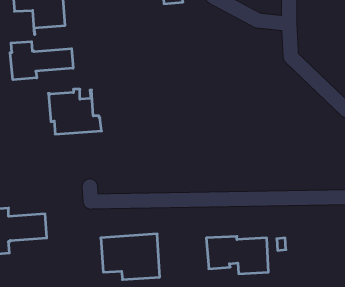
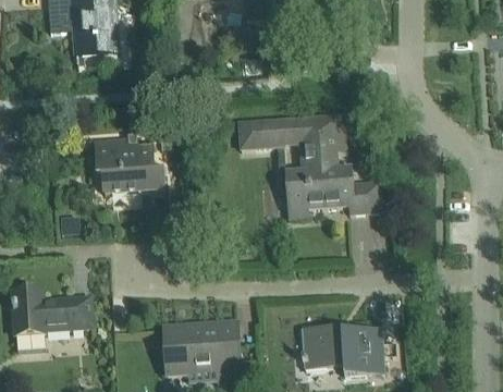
building: [10,42,73,80] -> none
building: none -> [237,114,381,216]

